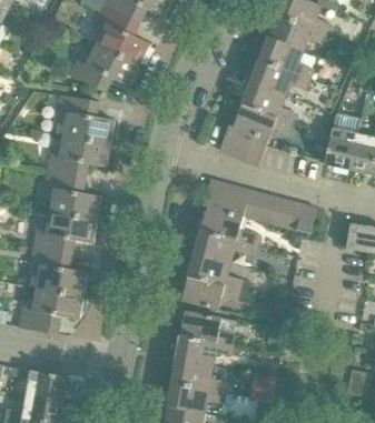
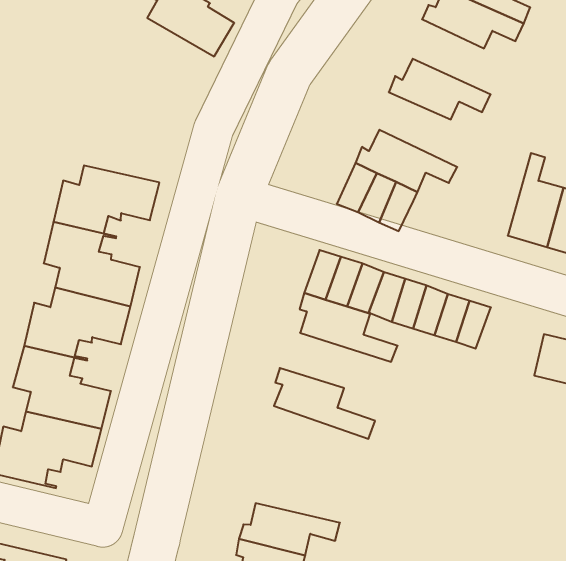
building: [259,34,312,78] -> none
building: [69,43,138,91] -> none
building: [241,80,295,123] -> none
building: [55,94,114,143] -> none
building: [189,230,257,262] -> none
building: [177,275,246,310] -> none
building: [177,310,236,344] -> none

